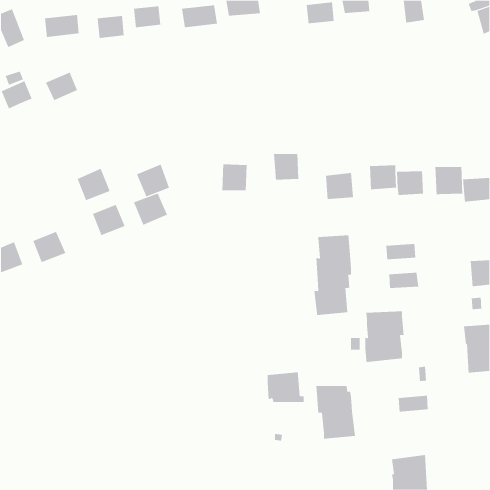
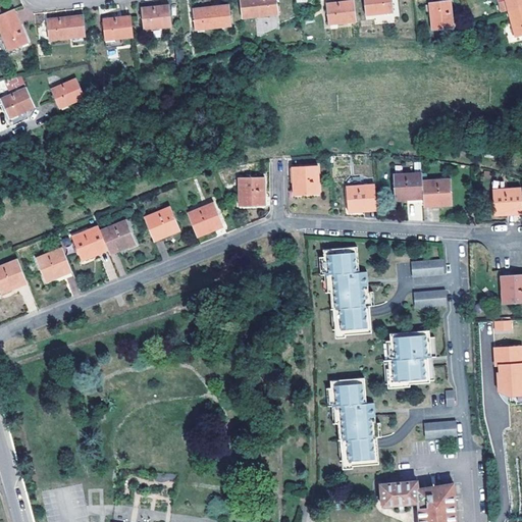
building: [136,164,170,197] -> [186,200,221,236]
building: [435,166,463,195] -> none
building: [77,168,110,201] -> [70,223,106,258]
building: [267,372,304,403] -> [329,377,369,410]
building: none -> [379,481,418,508]

